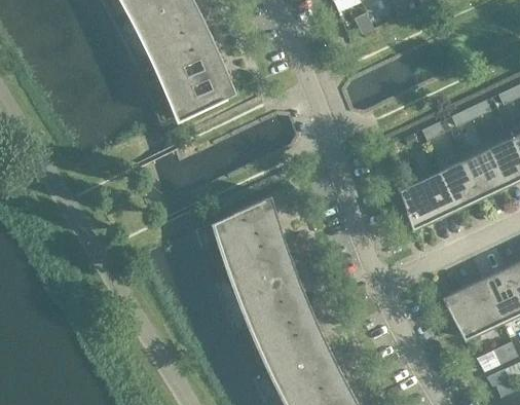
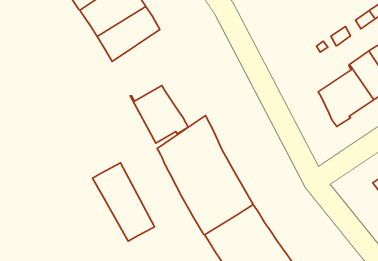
building: none -> [130,86,188,143]
building: none -> [92,163,155,241]

